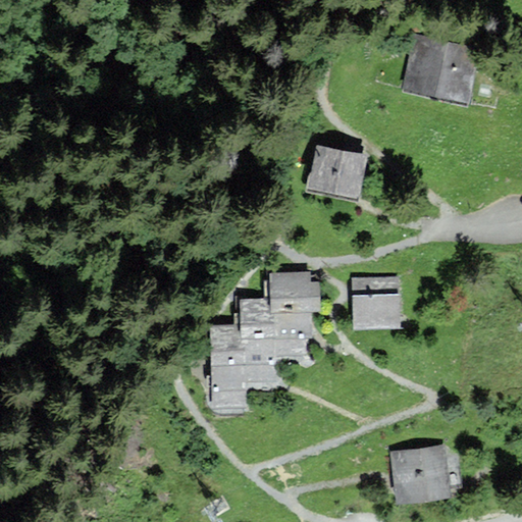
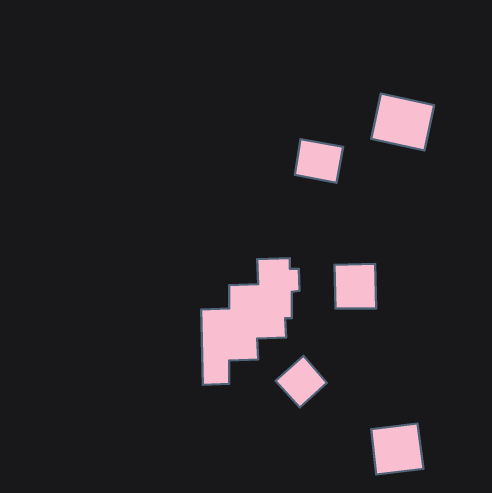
building: [407,40,473,100] -> [371,94,434,151]
building: none -> [276,356,327,407]

